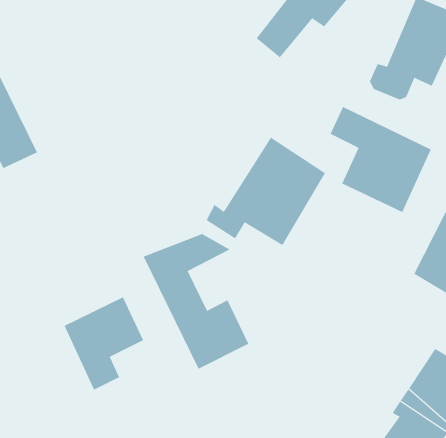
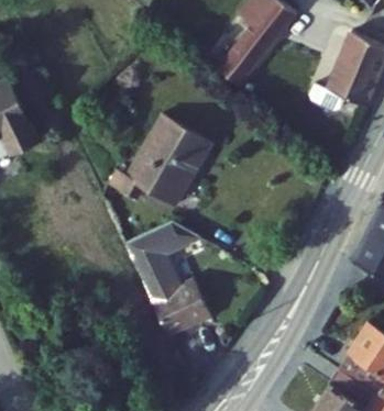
building: [330,106,432,213] -> none
building: [206,137,326,246] -> [113,113,211,202]
building: [64,296,144,390] -> none

